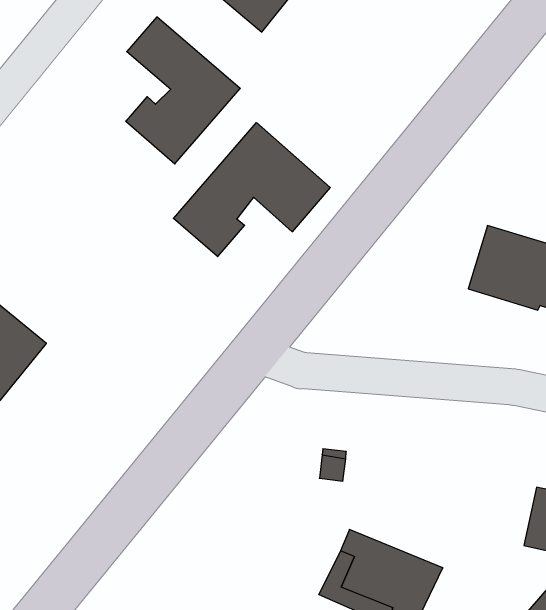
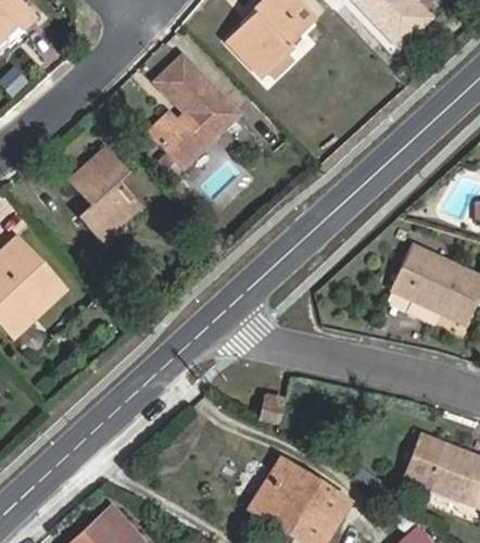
building: [173,123,330,257] -> none
building: none -> [67,146,142,242]

